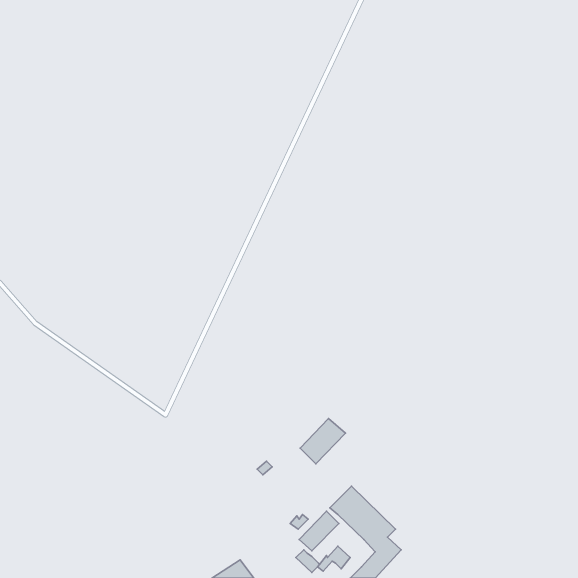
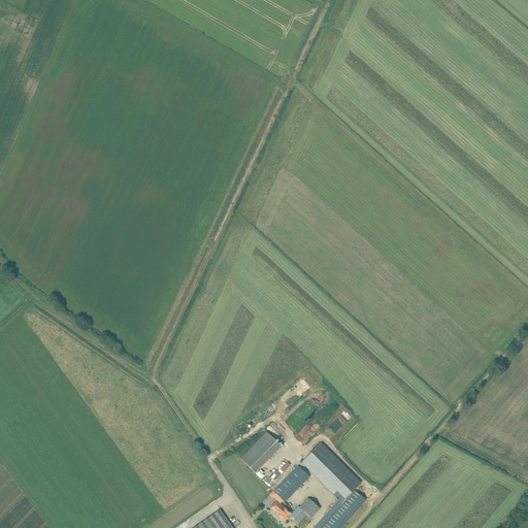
building: [300,419,345,464] -> [239,432,280,473]

